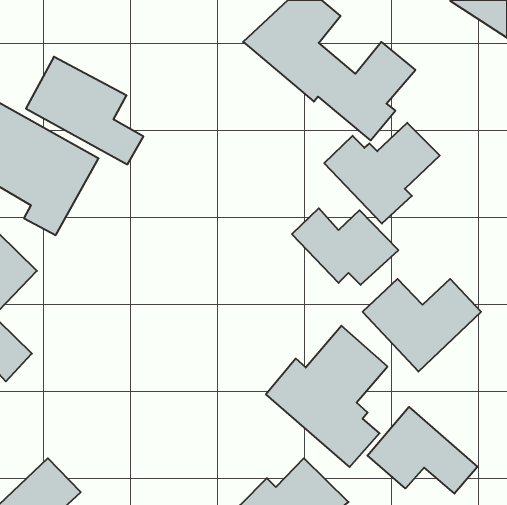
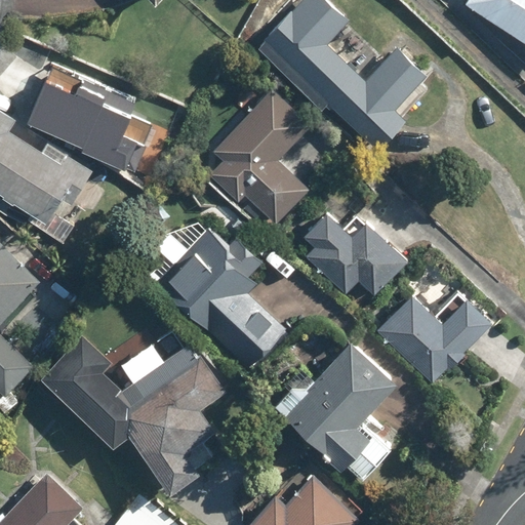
building: none -> [195,88,312,234]
building: [324,123,440,224] -> none
building: none -> [163,240,285,367]
building: none -> [37,334,226,496]
building: [367,407,478,494] -> none

